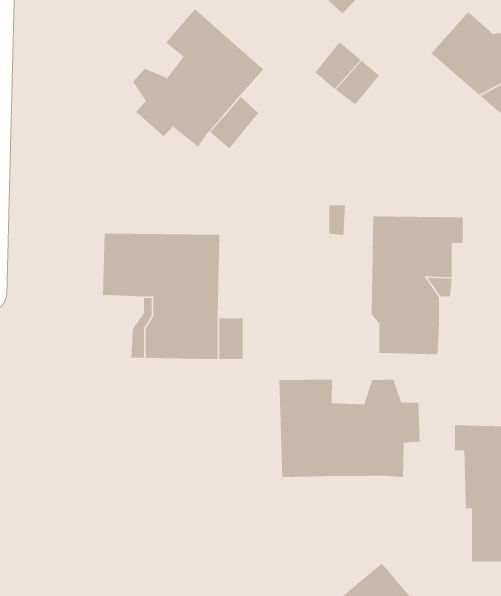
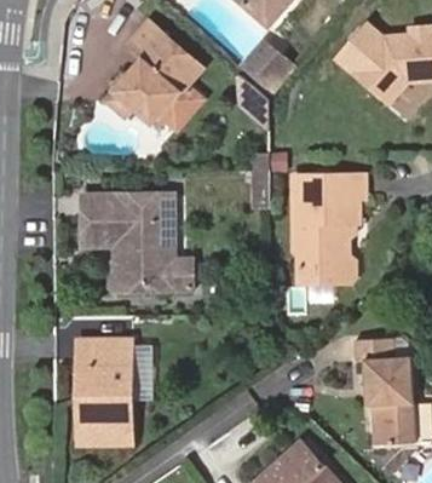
building: [278,379,420,478] -> none
building: none -> [74,337,128,439]

